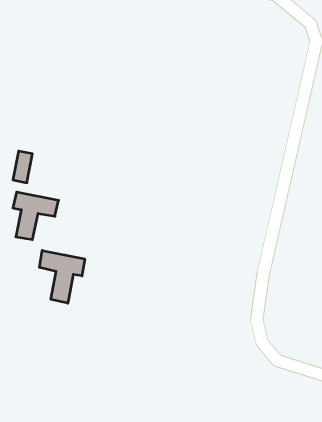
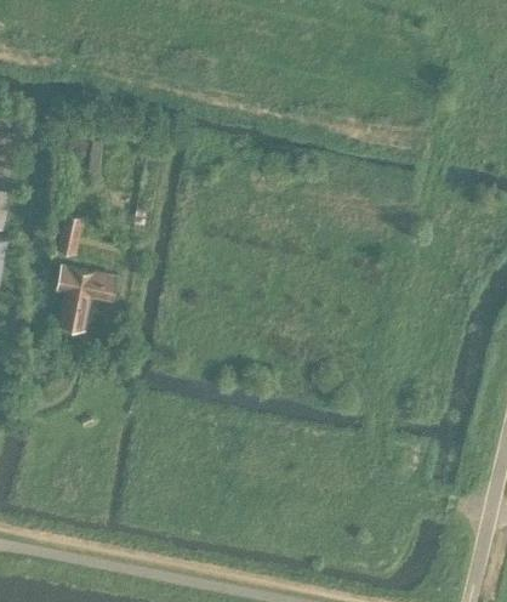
building: [39,250,85,303] -> none

